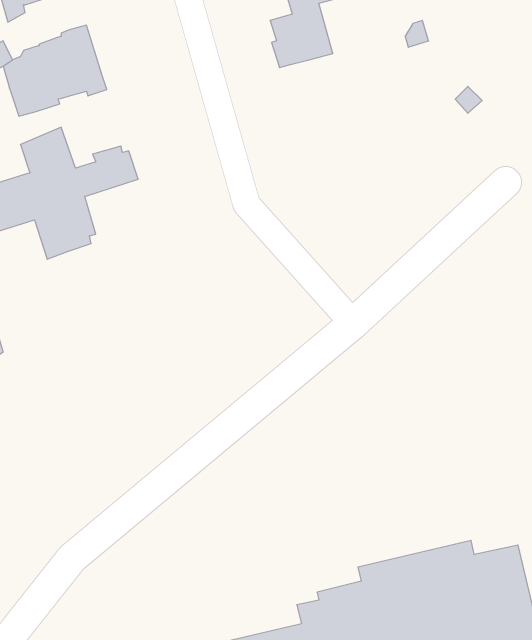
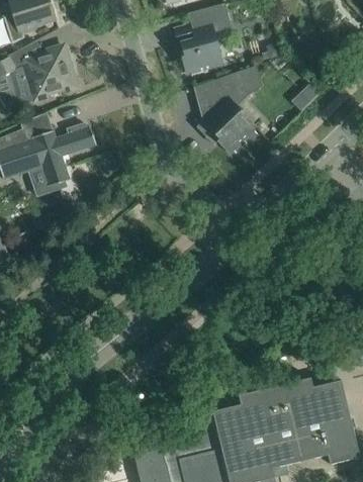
building: none -> [194,70,256,152]

